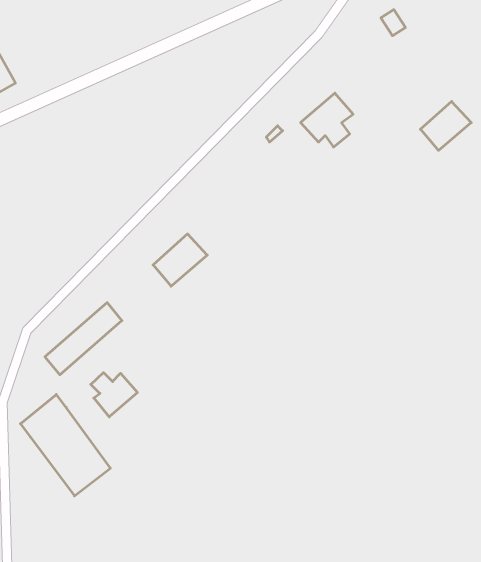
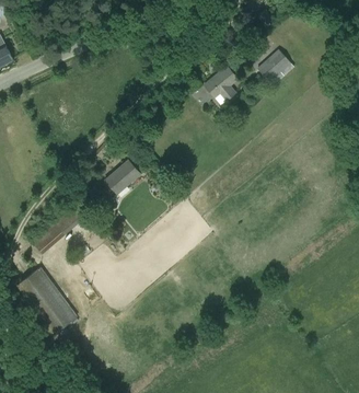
building: [420,101,471,150] -> [257,48,291,81]
building: [91,373,137,417] -> none

